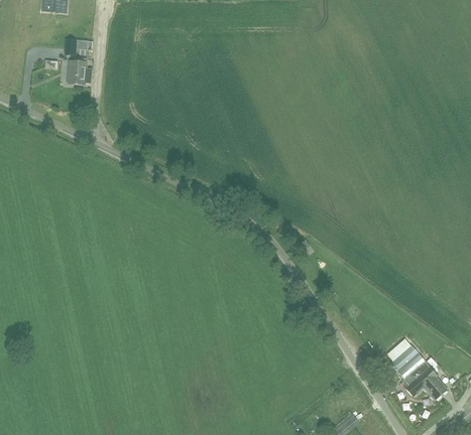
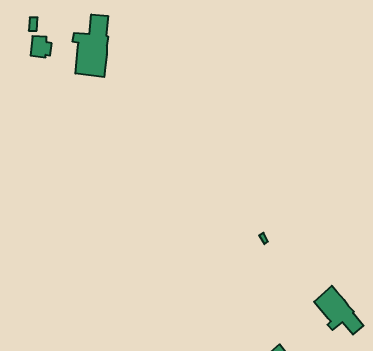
building: none -> [73,14,108,77]

